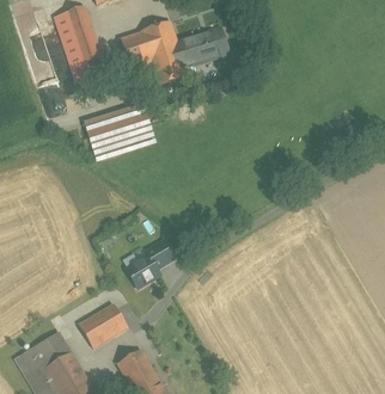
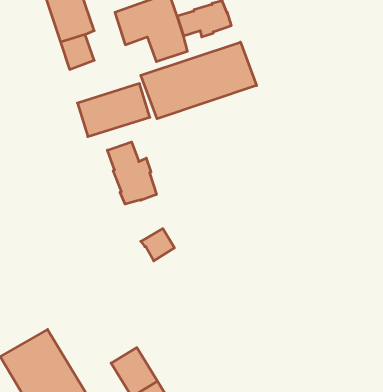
building: none -> [141,42,257,119]
building: none -> [107,142,156,204]
building: [126,254,159,287] -> none
building: [78,303,127,346] -> none

